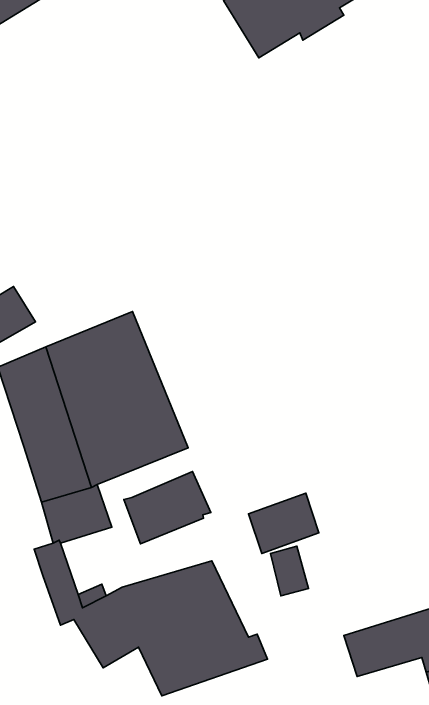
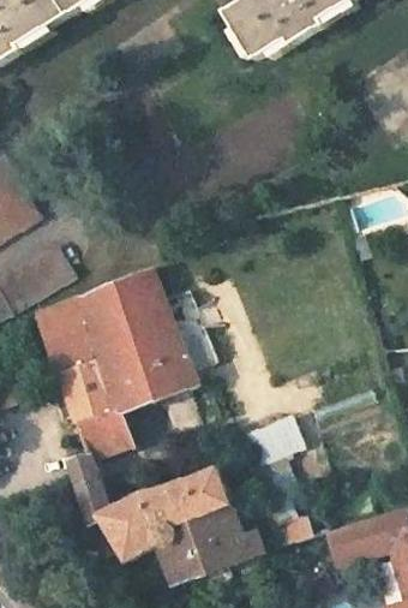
building: [124,472,211,544] -> none

